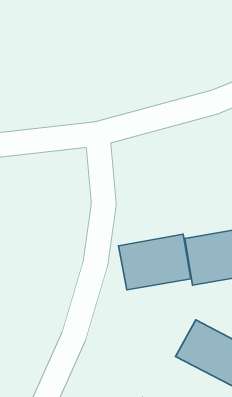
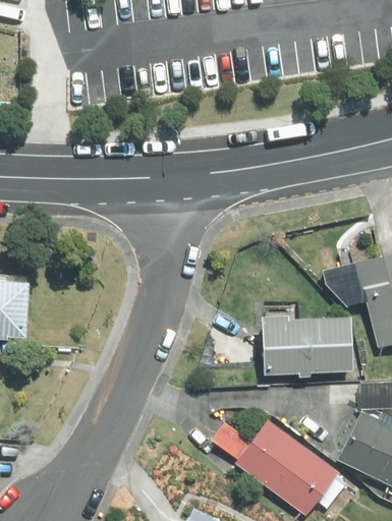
building: [118,234,191,290] -> none

